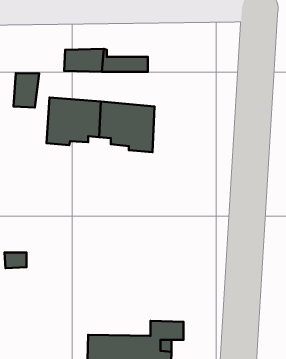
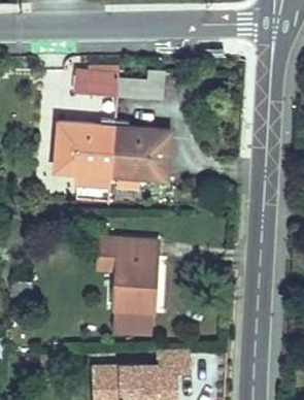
building: [14,73,39,108] -> none
building: none -> [113,251,154,319]

